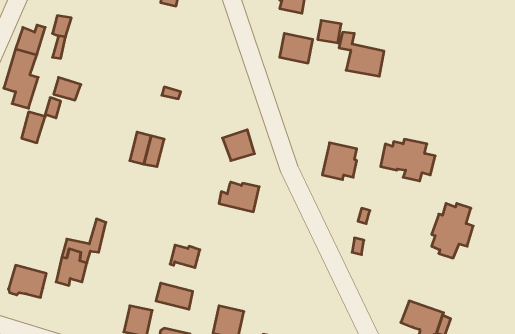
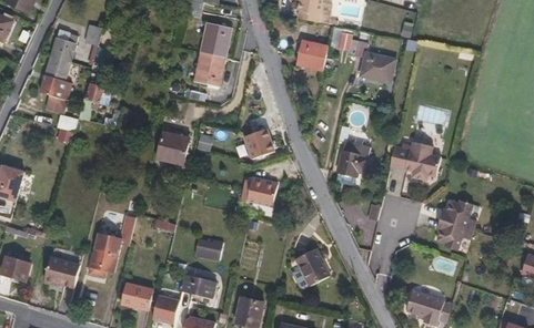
building: none -> [194,21,230,86]
building: none -> [296,247,331,285]
building: none -> [121,283,151,309]

